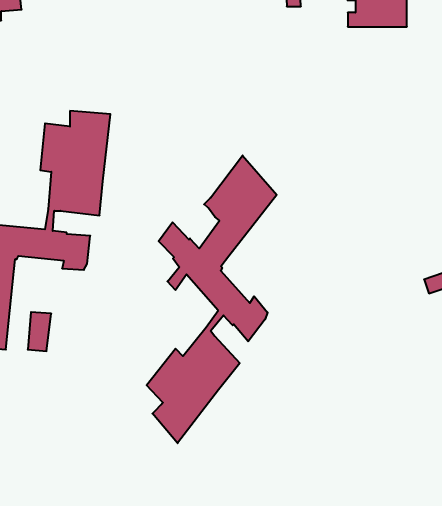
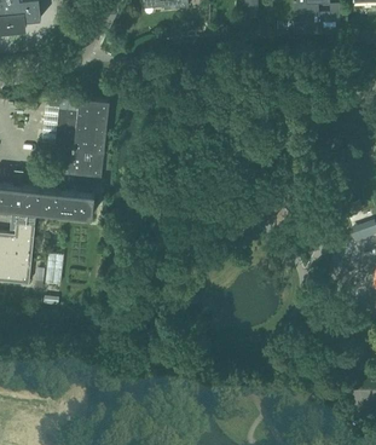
building: [147,155,277,443] -> none

